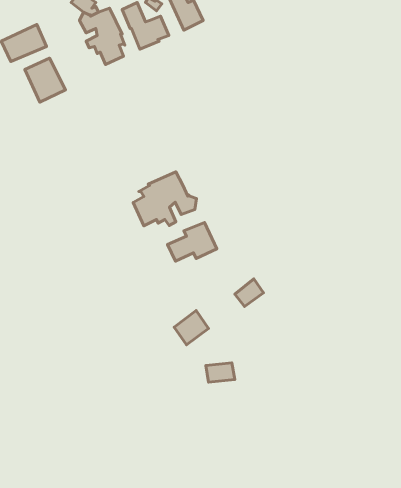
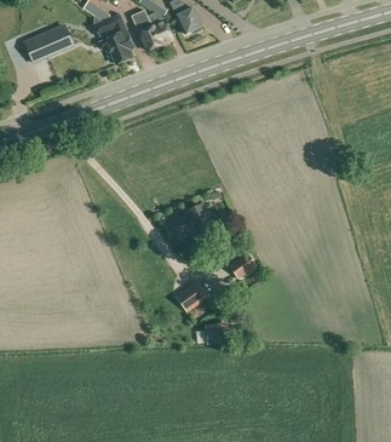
building: [25,58,66,102] -> none
building: [133,172,196,226] -> none

